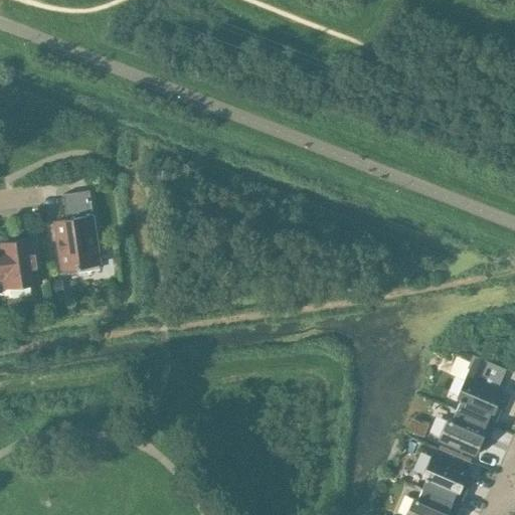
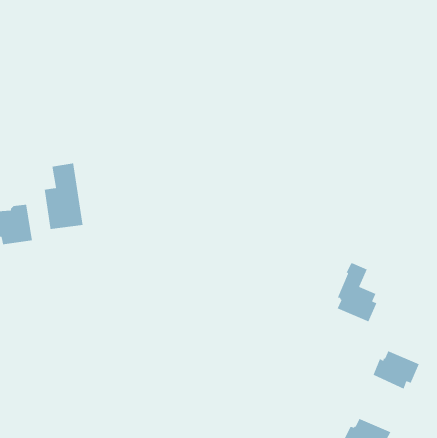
building: [446,357,501,427] -> [330,262,377,323]
building: [411,457,467,507] -> none

